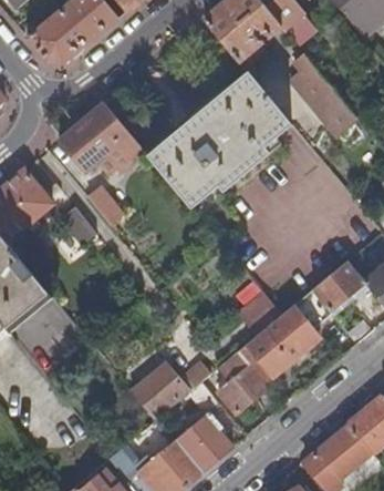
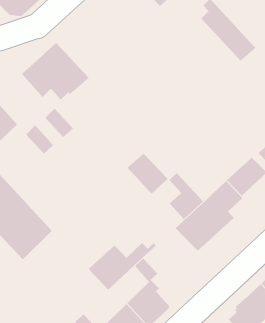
building: [149,71,289,205] -> none
building: none -> [127,153,168,194]
building: [217,346,273,412] -> none

